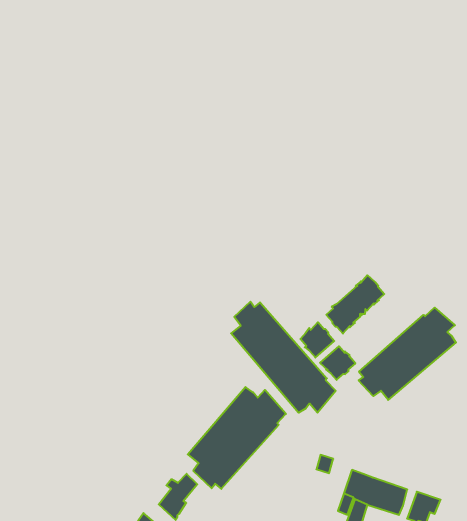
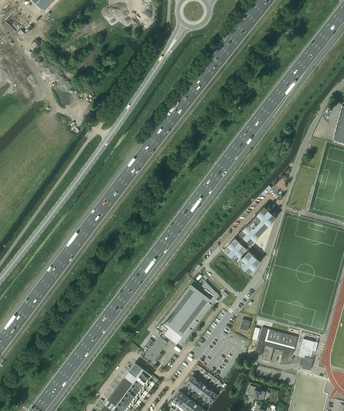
building: [231,302,336,413] -> none
building: [359,308,456,400] -> none

